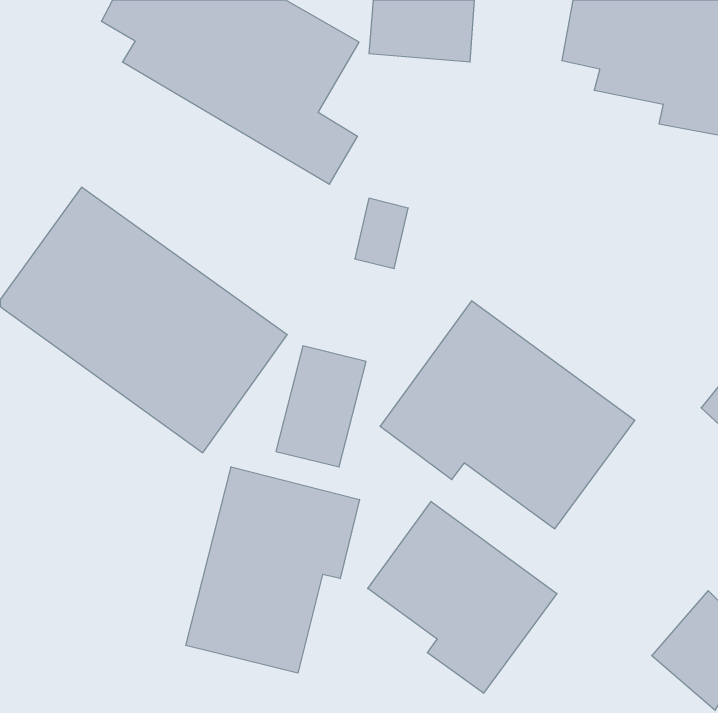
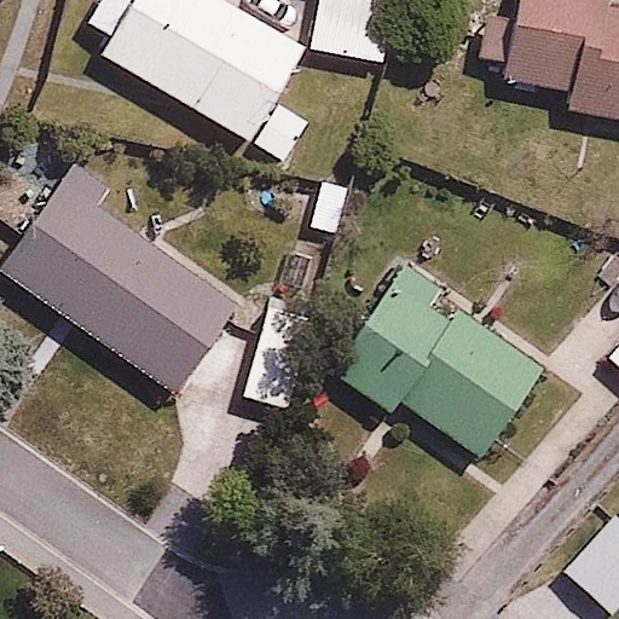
building: [186,467,360,673] -> none
building: [368,501,557,693] -> none

